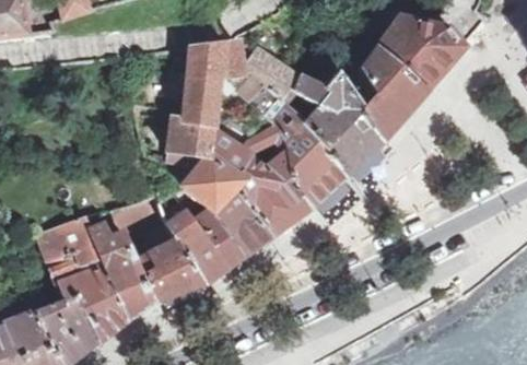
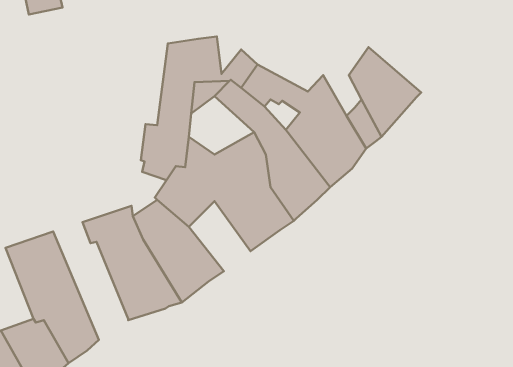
building: [379,17,464,89] -> none
building: [211,190,269,256] -> none
building: [84,210,154,320] -> none

